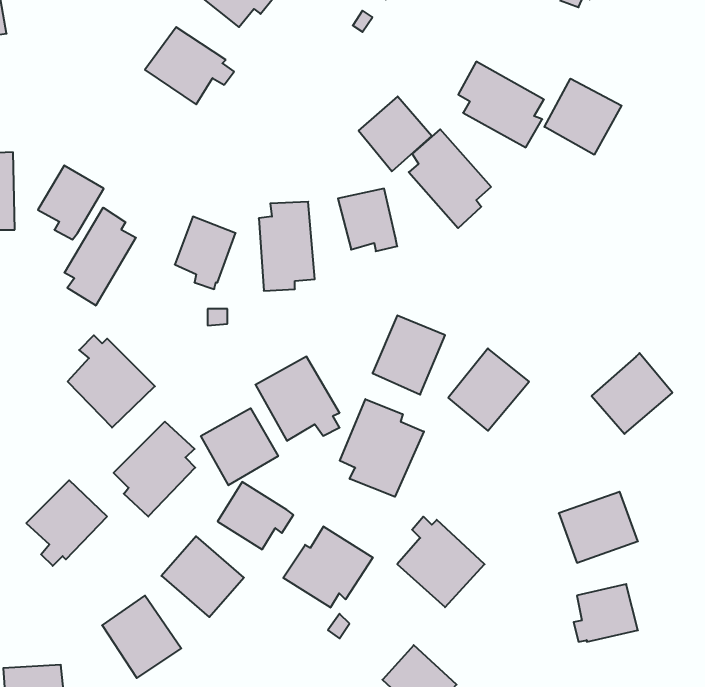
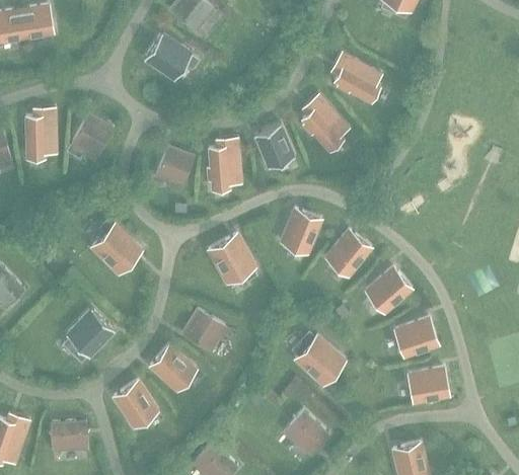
building: [544,79,622,155] -> none
building: [359,96,432,171] -> none
building: [64,208,136,306] -> none
building: [592,353,672,434] -> [364,265,414,315]
building: [340,399,424,497] -> none
building: [201,408,278,485] -> none
building: [114,422,195,517] -> none
building: [283,526,373,608] -> none

